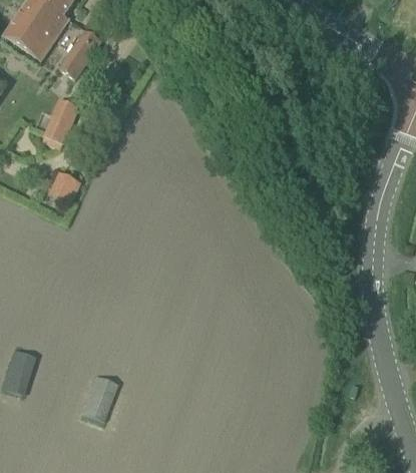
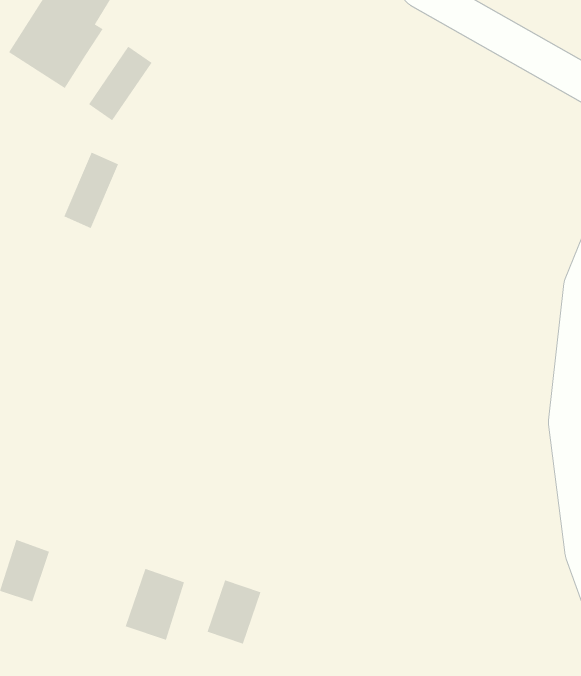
building: [47,168,79,201] -> none
building: none -> [207,579,261,645]

